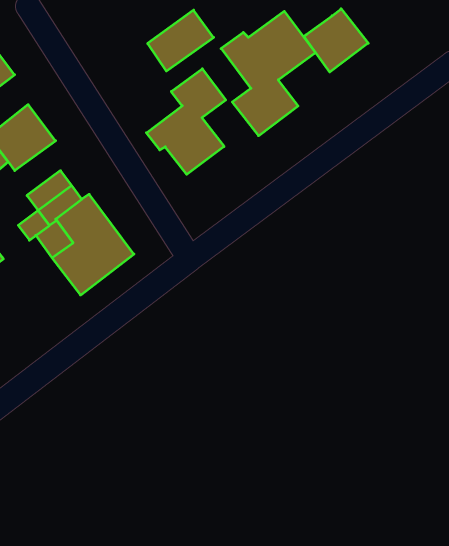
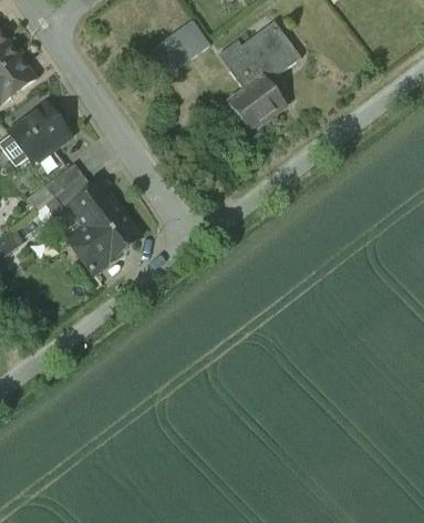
building: [304,9,368,72] -> none
building: [146,69,226,174] -> none

